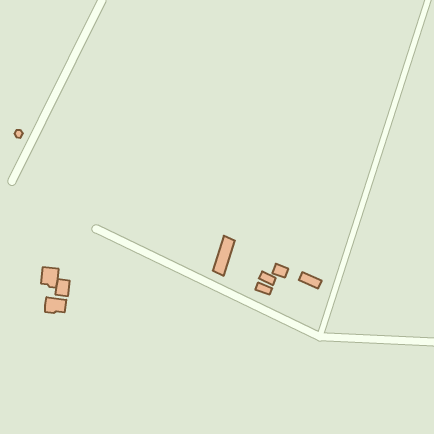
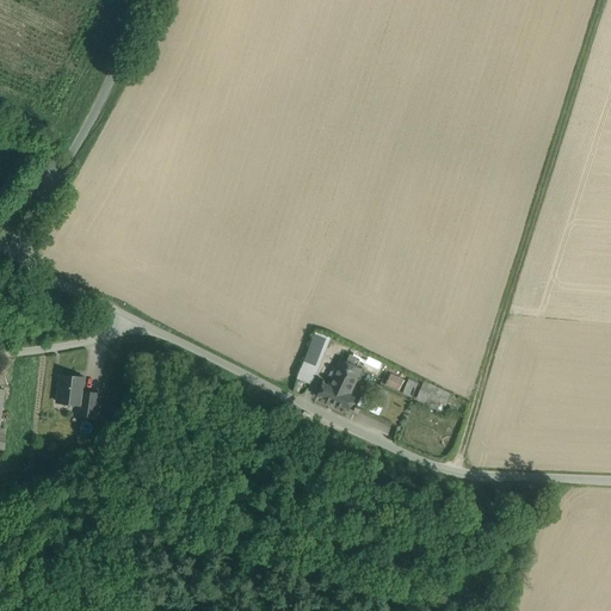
building: none -> [316,358,360,409]
building: [45,297,66,313] -> none

